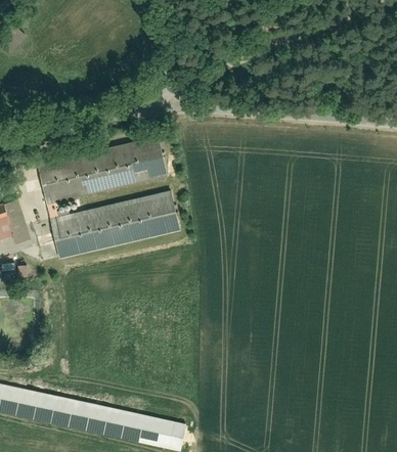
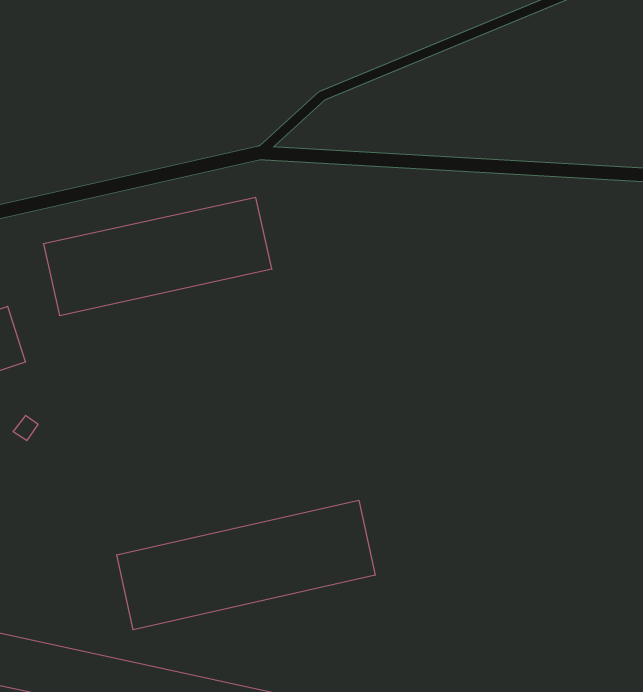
building: [49,190,180,258] -> none
building: none -> [117,500,375,630]

